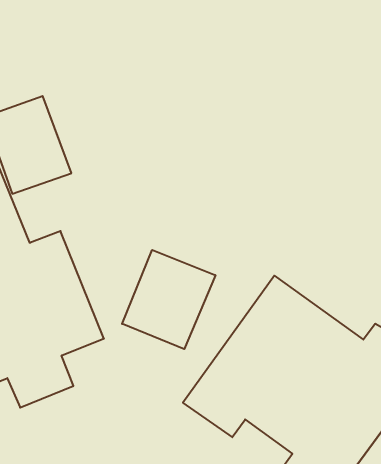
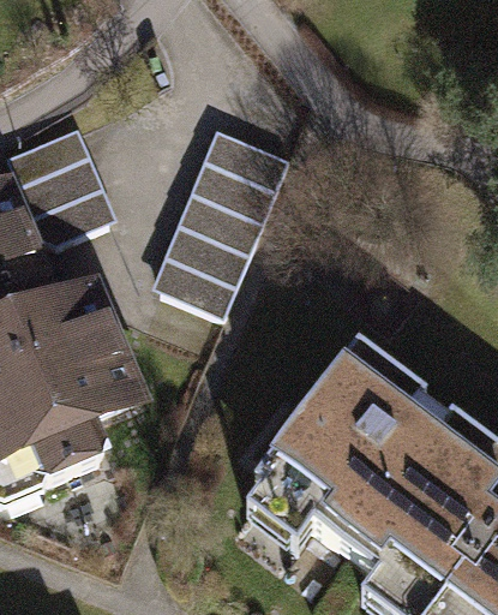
building: none -> [155,130,290,318]
building: [122,250,215,349] -> none

